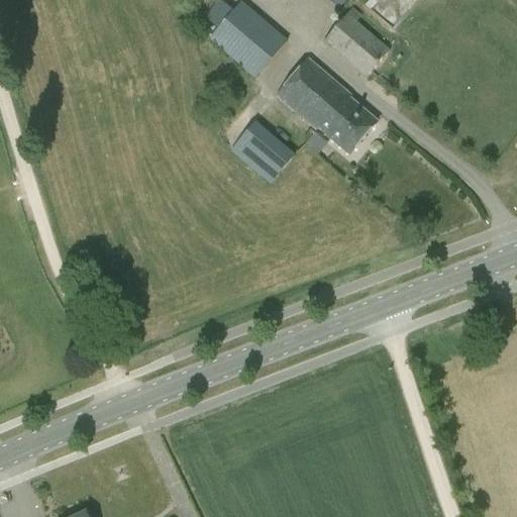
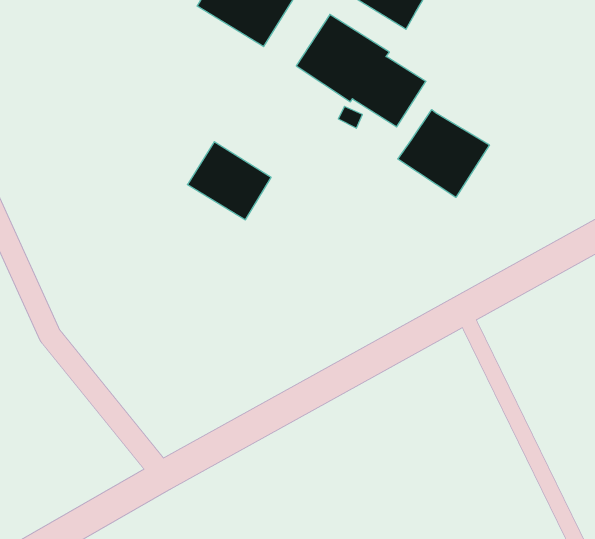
building: [229,118,295,182] -> [187,142,271,220]
building: none -> [398,110,489,197]

